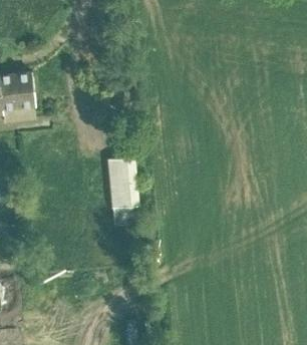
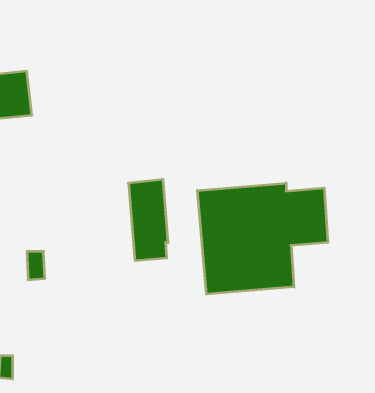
building: none -> [197,183,328,294]

